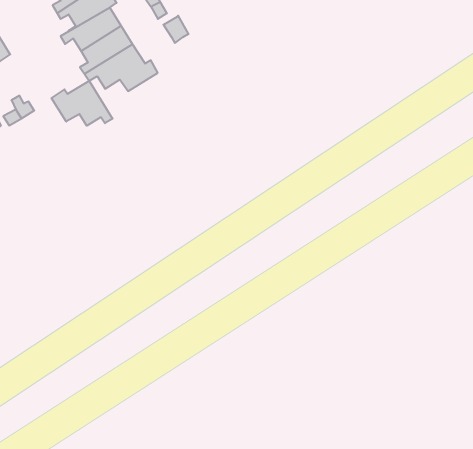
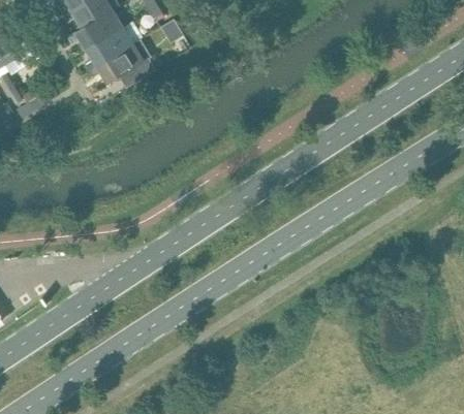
building: [52,81,113,126] -> none

